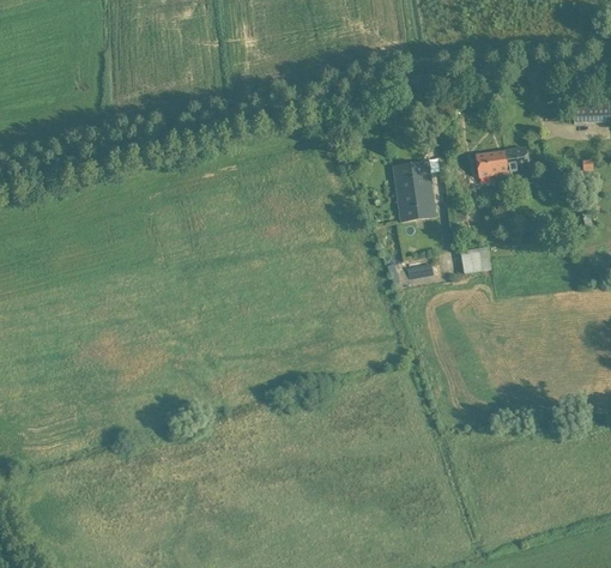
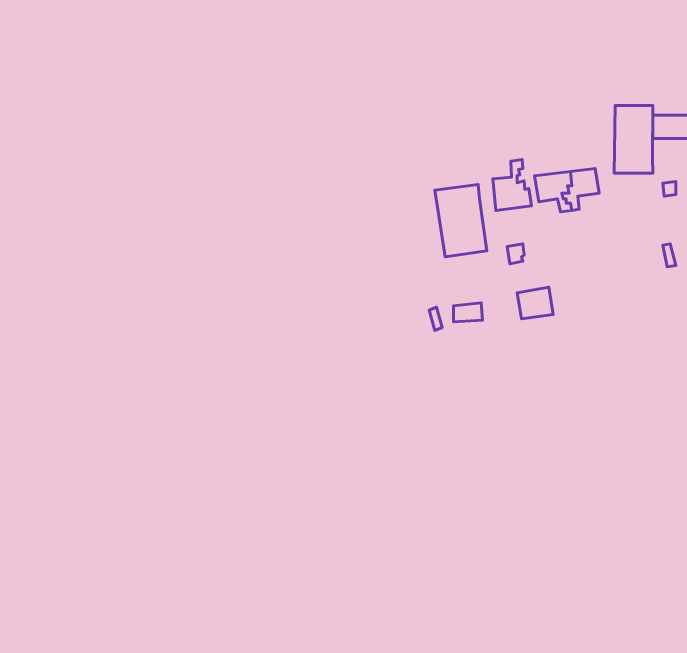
building: none -> [614,105,653,173]
building: none -> [493,160,532,210]

